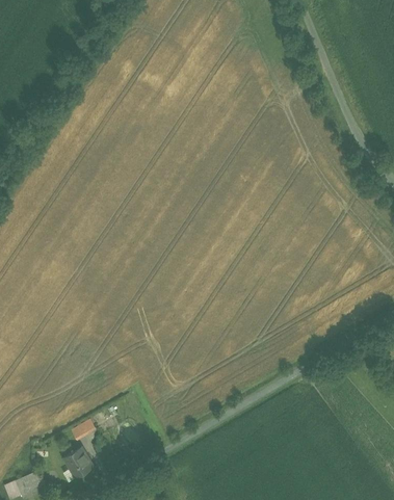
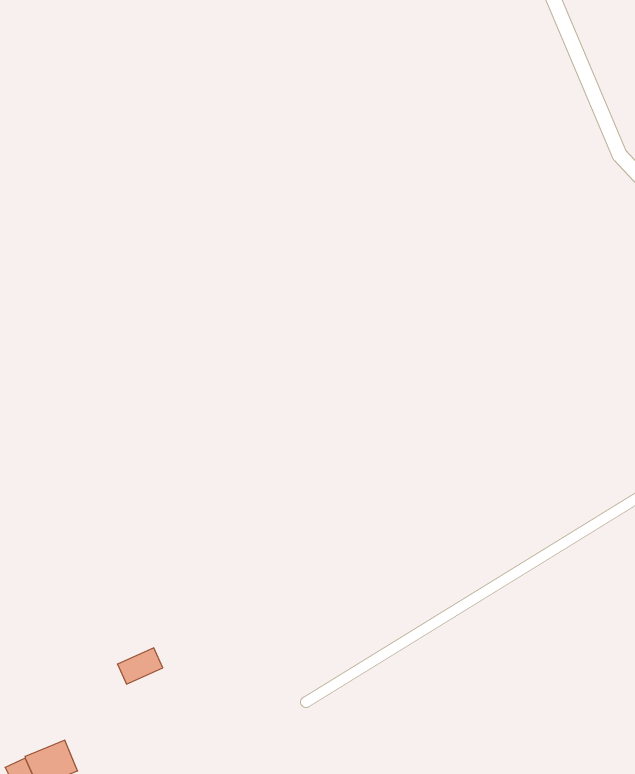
building: [63,447,91,476] -> none

